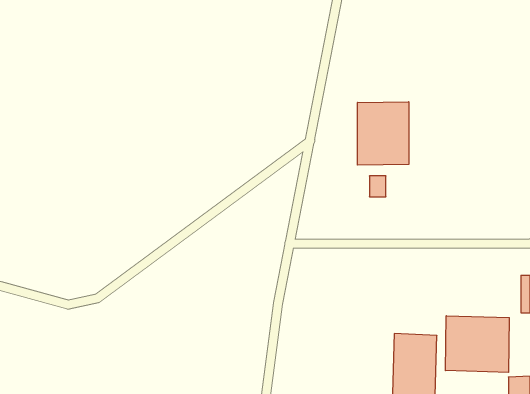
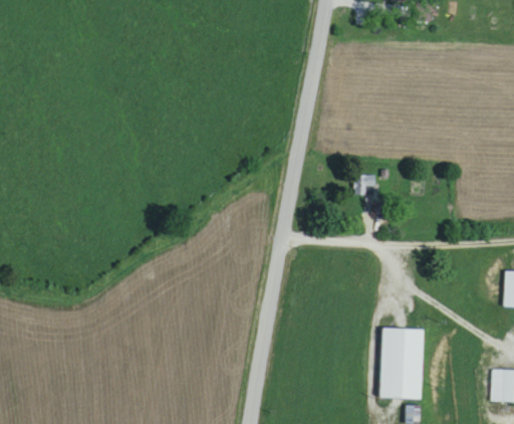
building: [358,102,409,165] -> none
building: [445,316,509,372] -> none

